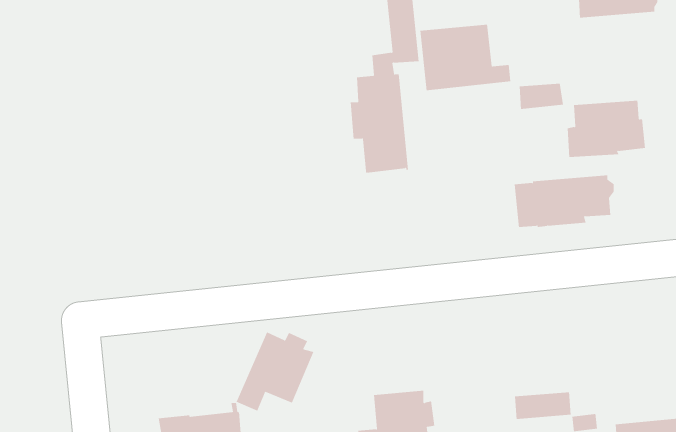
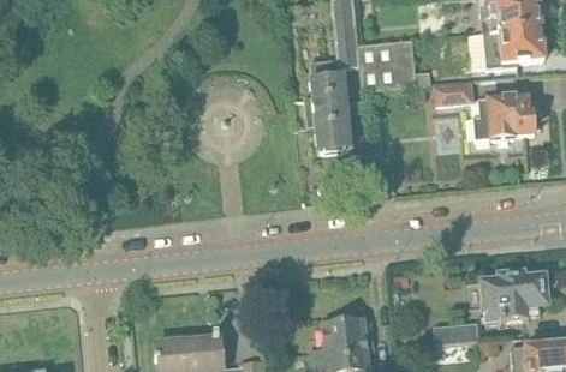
building: [514,175,614,228] -> [469,26,547,67]
building: none -> [482,270,546,320]
building: [236,331,314,412] -> none

